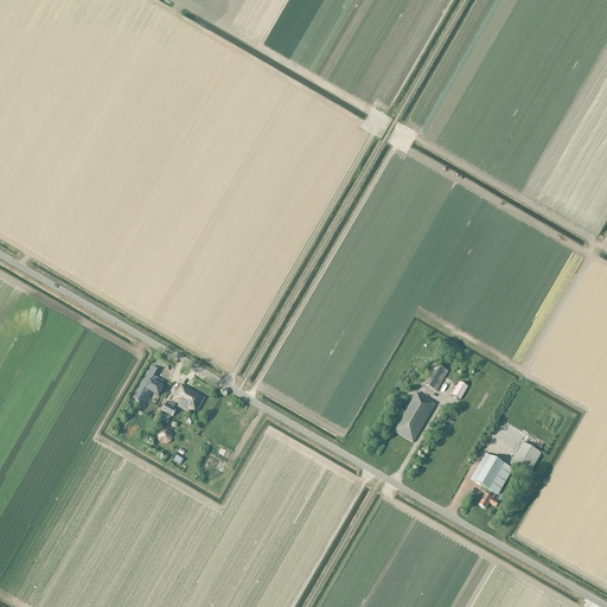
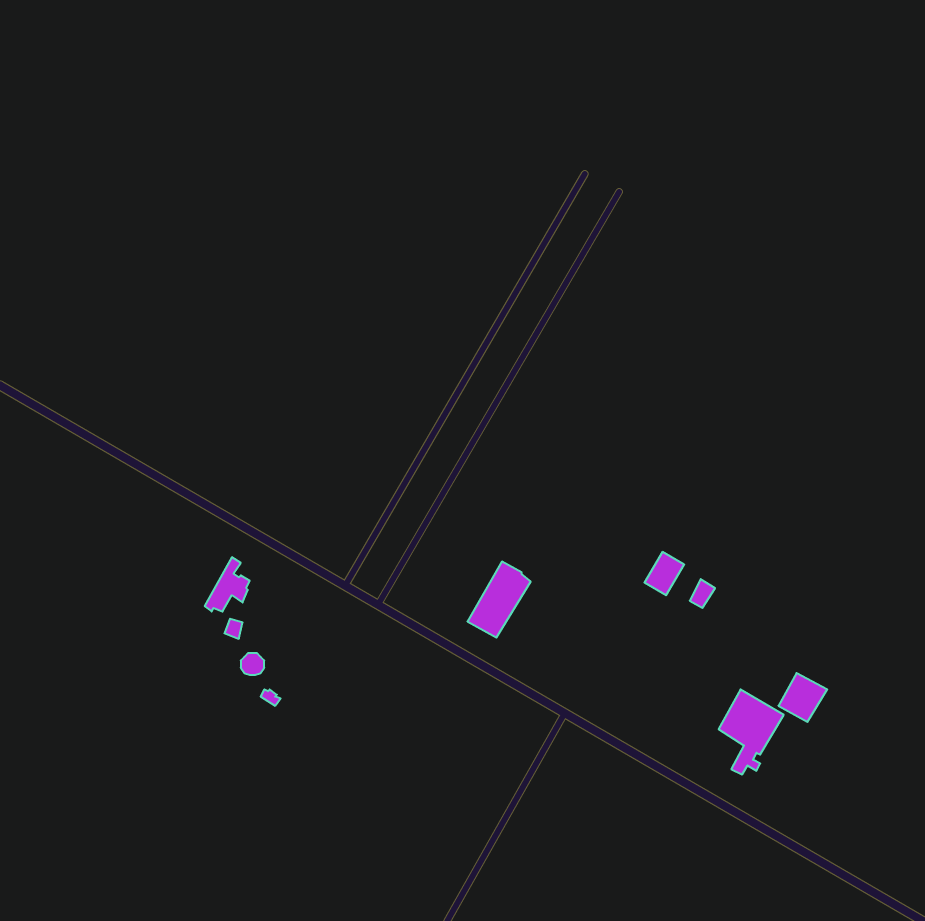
building: [162,383,205,415] -> none
building: [394,391,435,441] -> [467,562,531,638]

